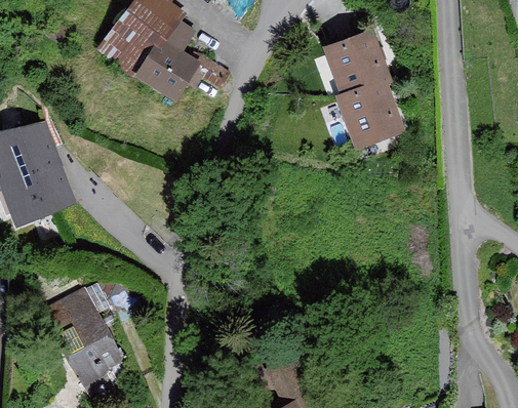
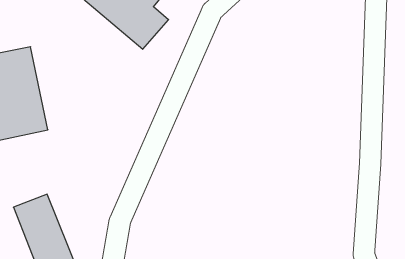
building: [324,32,393,147] -> none

